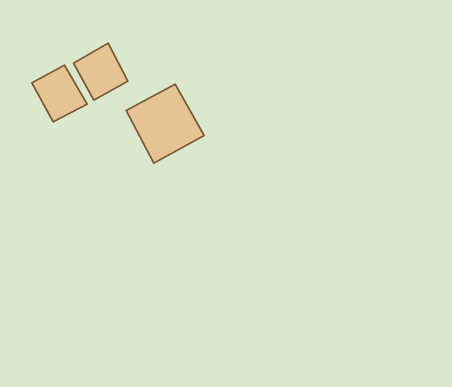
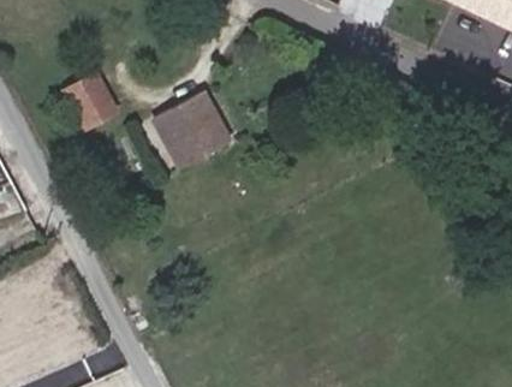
building: [74,43,128,100] -> none

